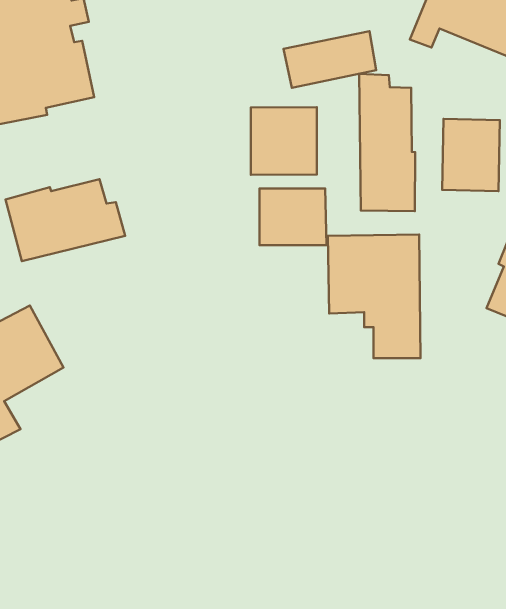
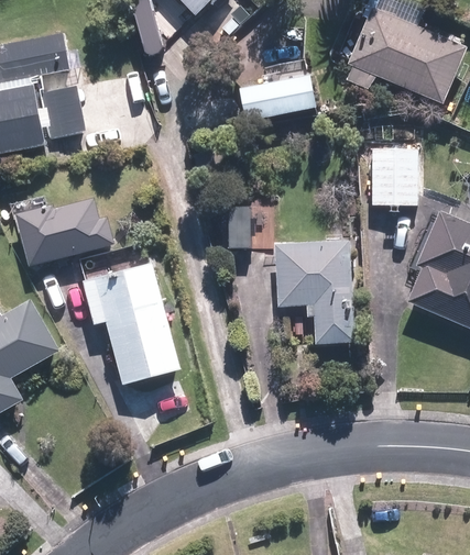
building: [359,74,415,211] -> none
building: [251,107,317,175] -> none
building: none -> [83,263,182,385]

